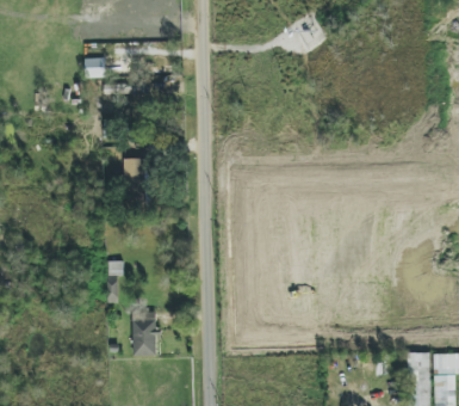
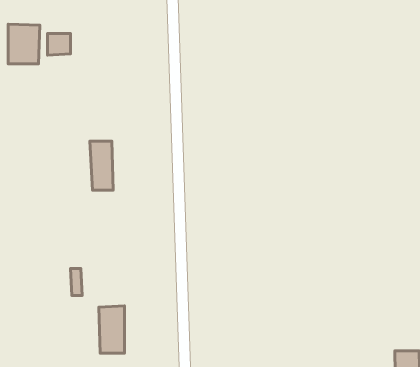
building: none -> [8,24,40,64]

